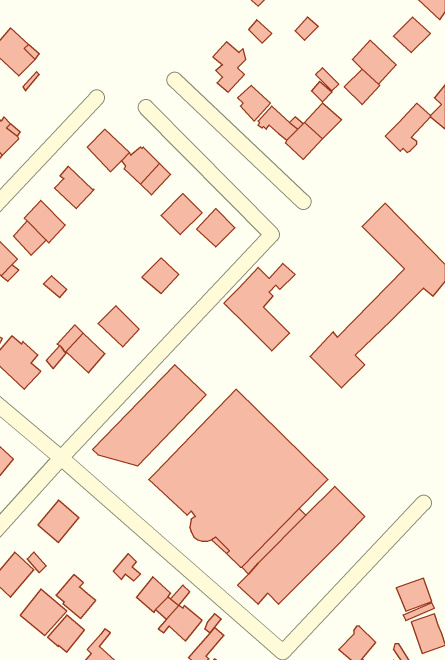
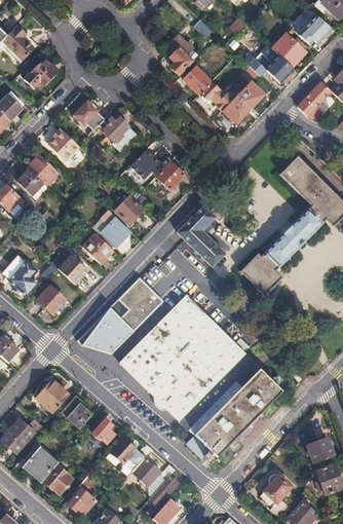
building: none -> [23,58,58,88]
building: none -> [100,210,130,247]
building: none -> [37,287,64,314]
building: [56,575,96,618] -> [61,395,90,427]

